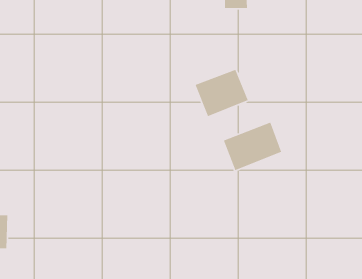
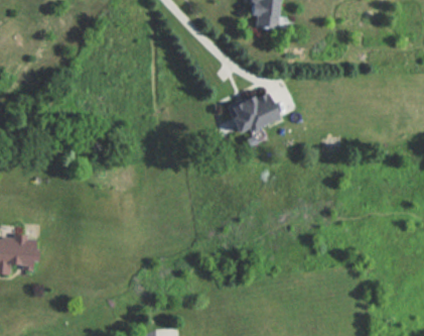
building: [223,122,282,171] -> none

